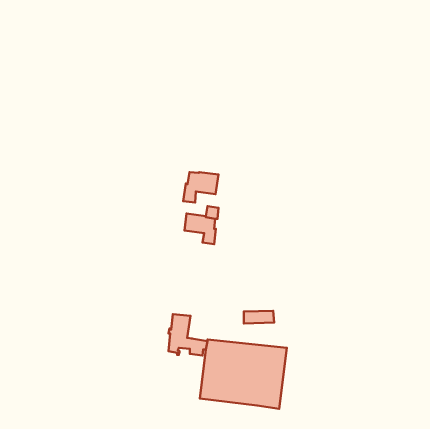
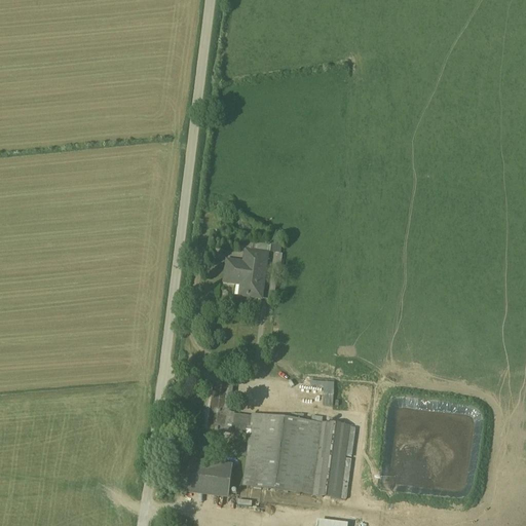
building: [183,172,219,203] -> none
building: none -> [182,458,234,490]

